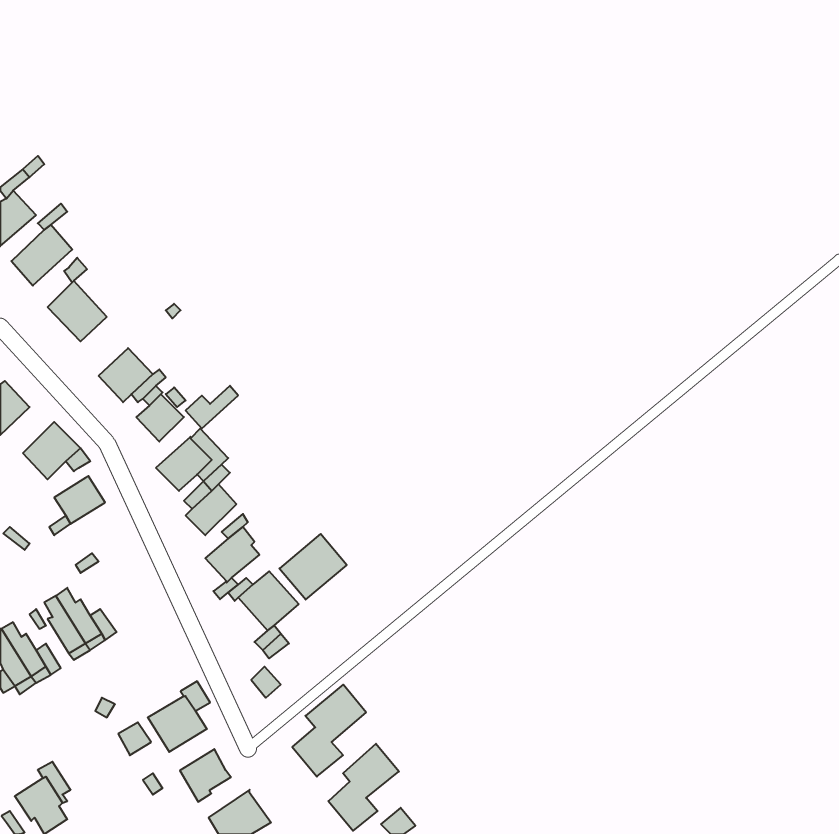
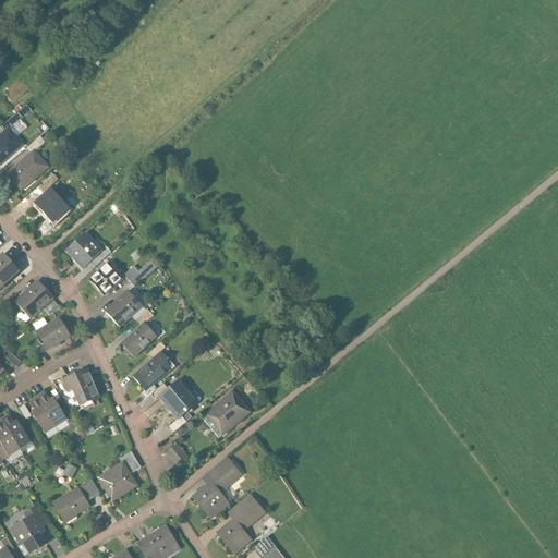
building: [279,534,347,600] -> [205,391,250,435]
building: none -> [63,368,101,407]
building: [180,749,231,802] -> [56,487,89,522]

